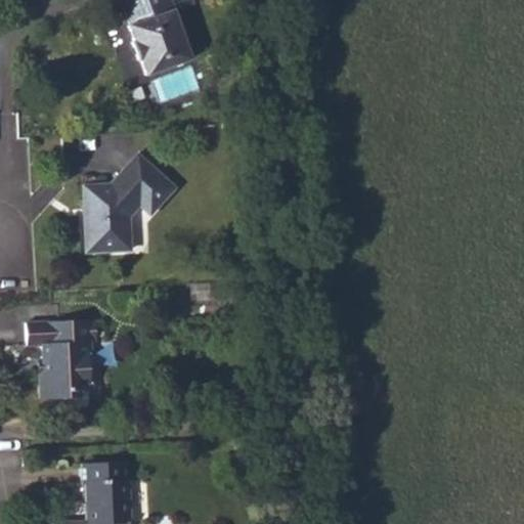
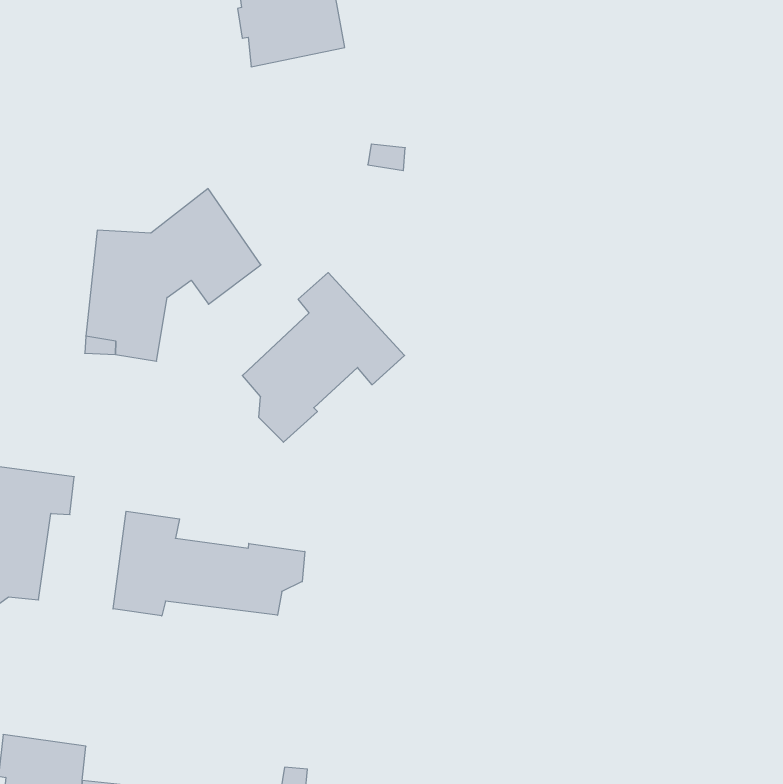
building: none -> [242,273,405,442]
building: none -> [113,511,305,616]

